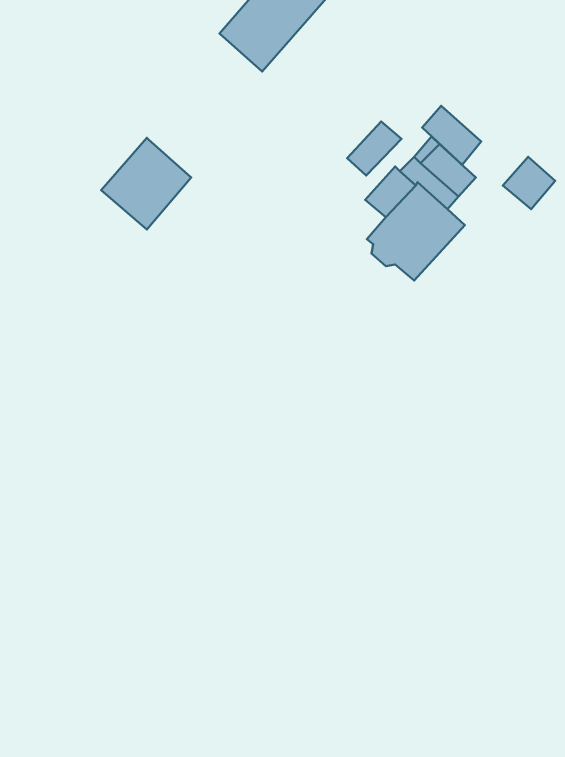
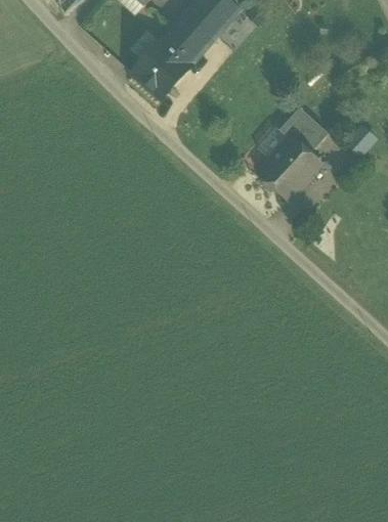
building: [422,106,481,165] -> none
building: [347,122,401,175] -> none
building: [101,138,191,230] -> [132,37,190,96]

